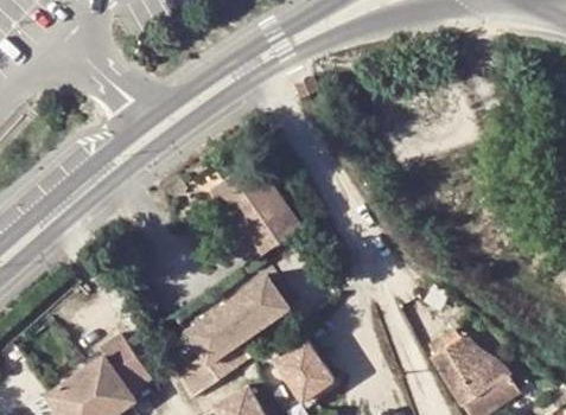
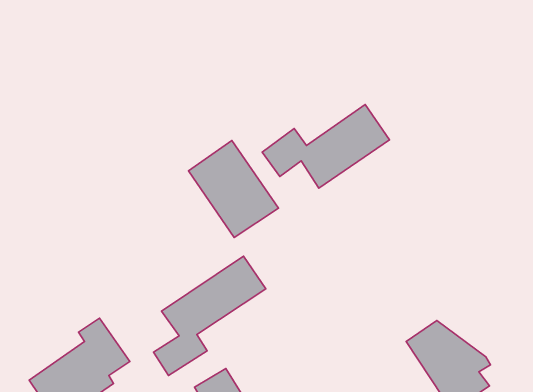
building: none -> [262,104,389,188]
building: [278,339,336,398] -> none

